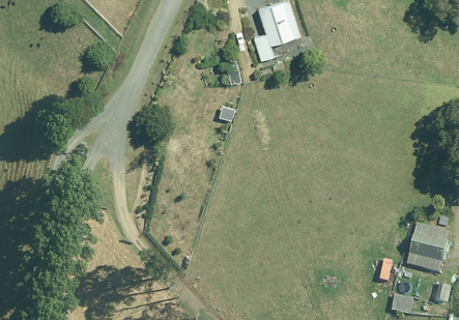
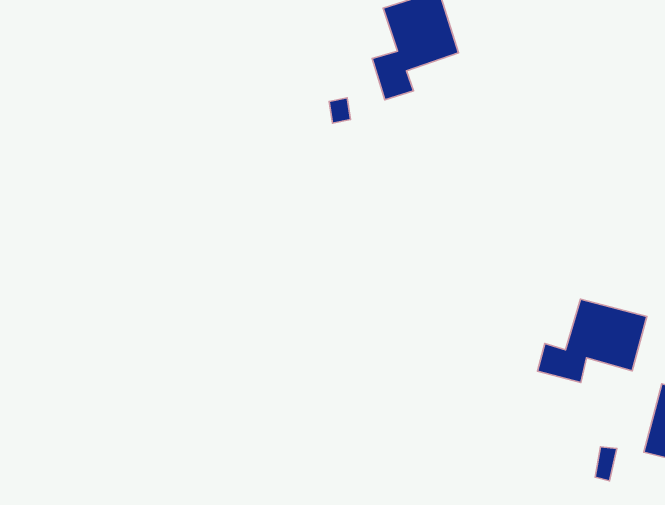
building: none -> [537,299,647,382]

